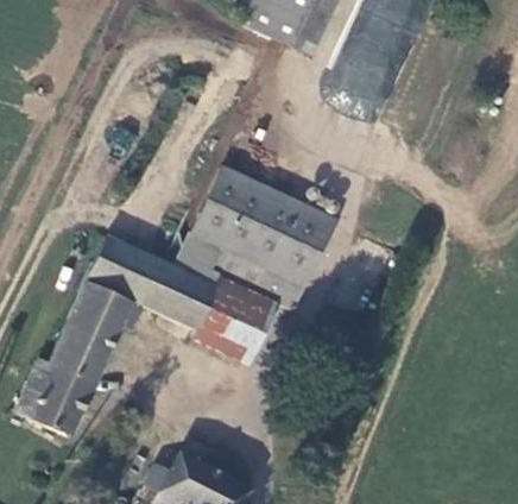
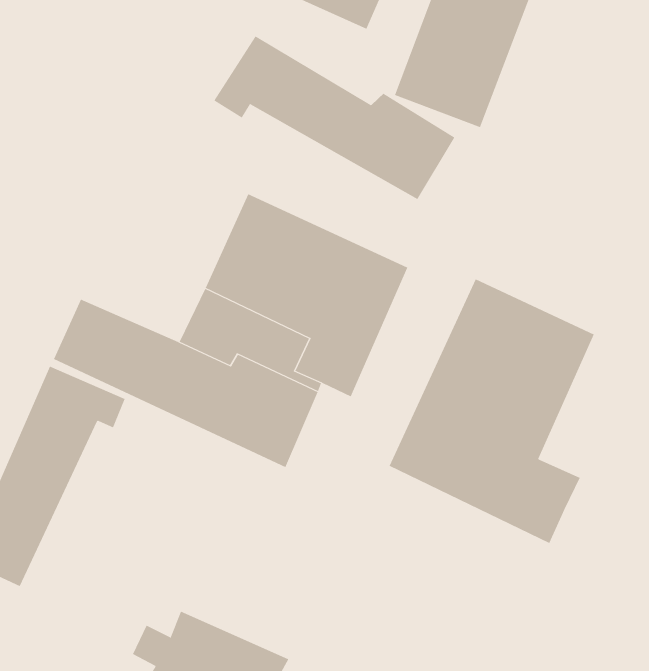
building: none -> [214,36,455,200]
building: none -> [389,278,595,544]

